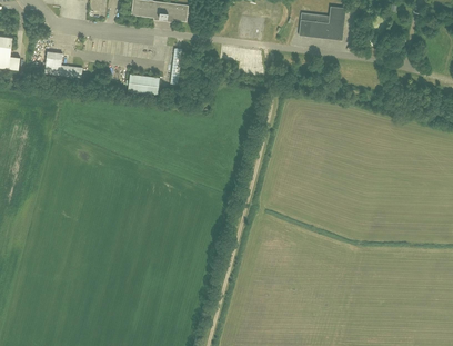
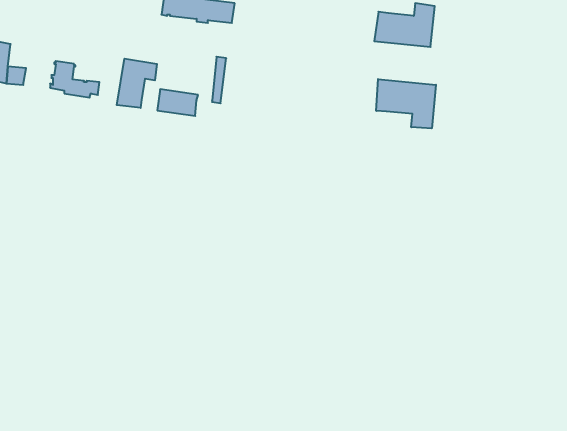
building: none -> [117,59,157,108]
building: none -> [376,79,436,128]

